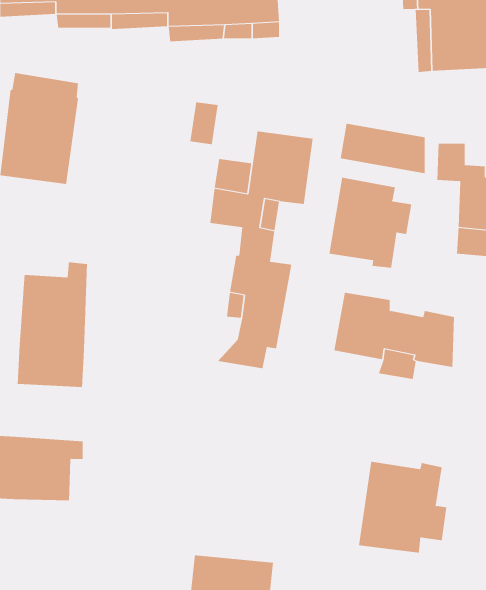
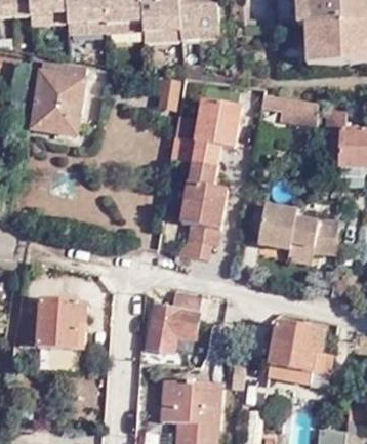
building: [329,177,412,268] -> none
building: [17,261,88,388] -> none
building: none -> [148,294,201,356]

